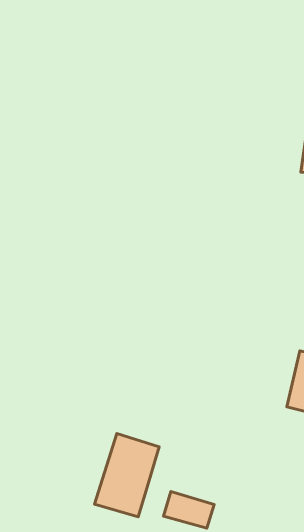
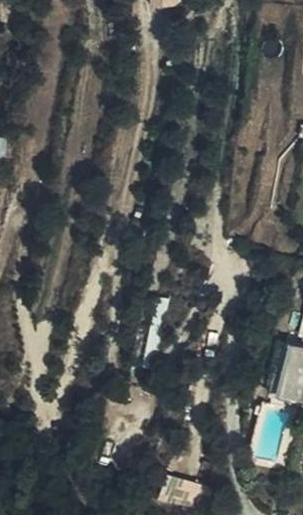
building: [95,433,159,517] -> none

